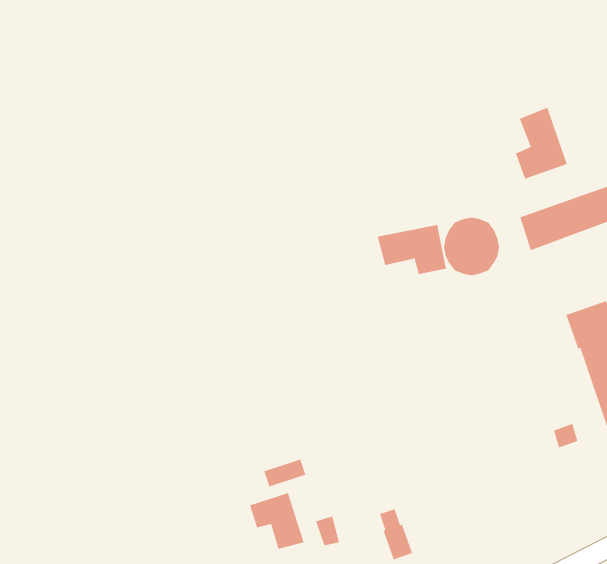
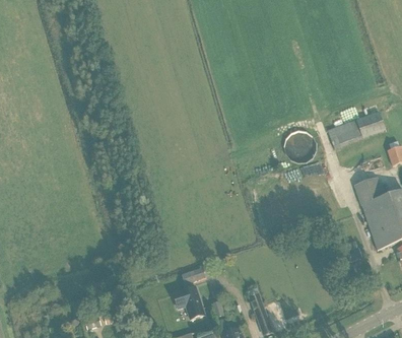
building: [515,107,568,179] -> none
building: [377,224,446,275] -> none

